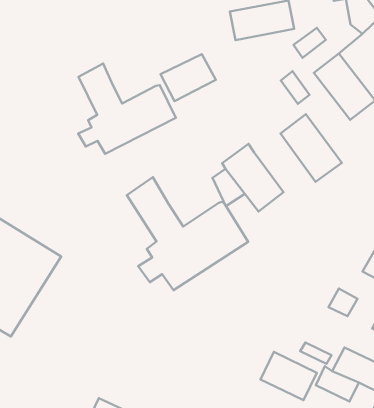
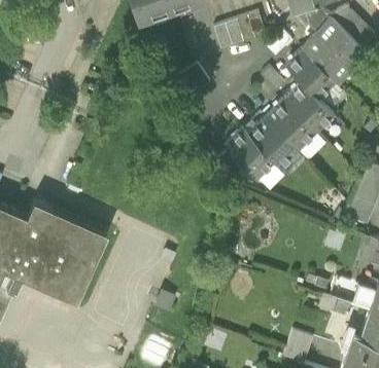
building: [78,64,176,154] -> none
building: none -> [284,83,335,135]
building: none -> [248,118,299,170]
building: [127,177,248,290] -> none
building: [261,352,317,400] -> none

